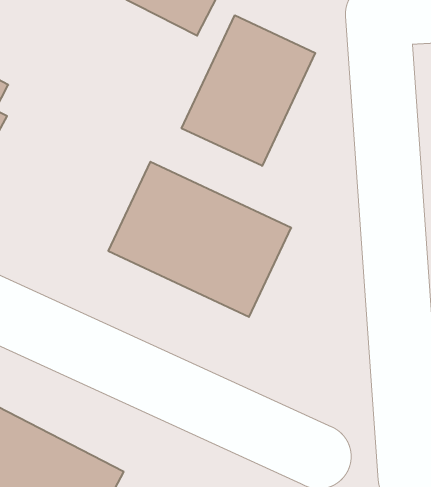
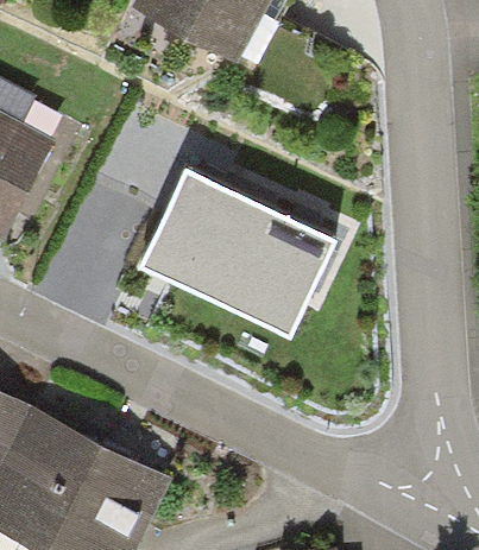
building: [182,15,315,166] -> none

